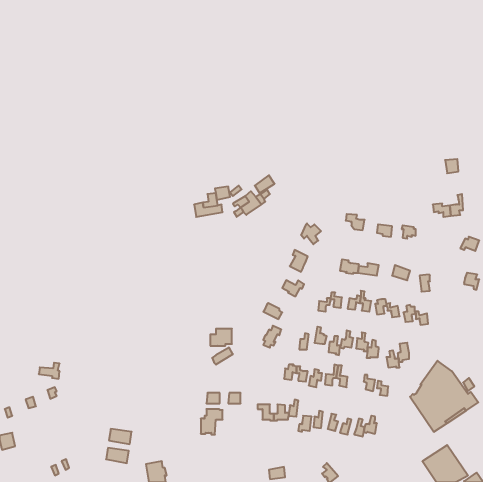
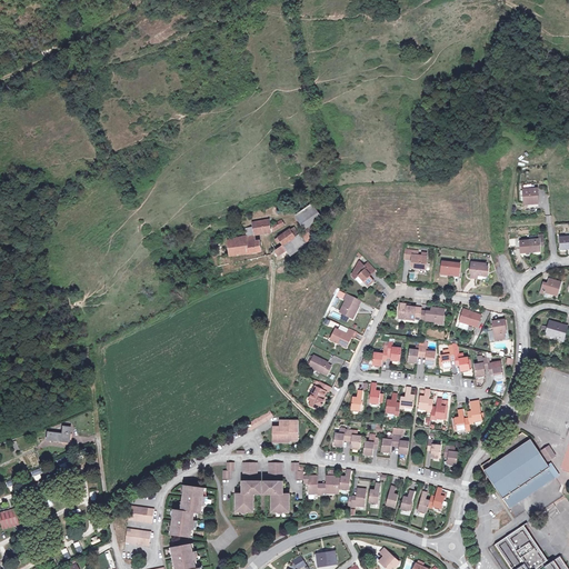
building: [210,329,232,346] -> [272,420,298,440]
building: none -> [263,480,289,510]
building: none -> [168,482,203,535]

